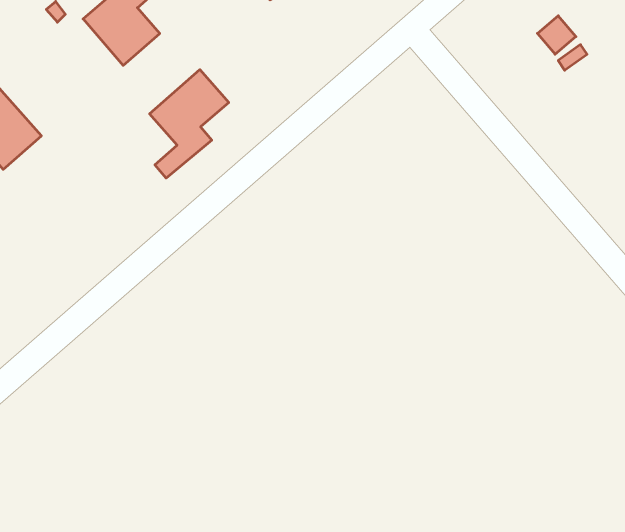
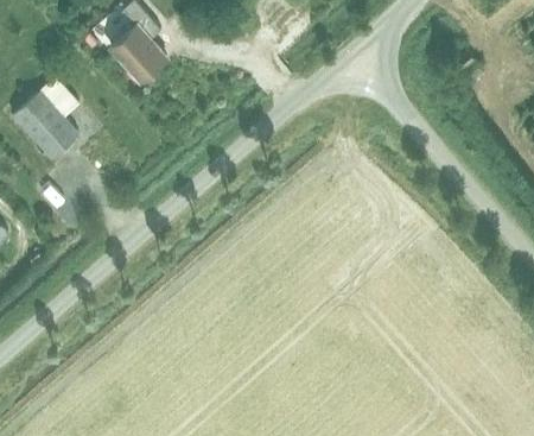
building: [150,70,229,178] -> none

